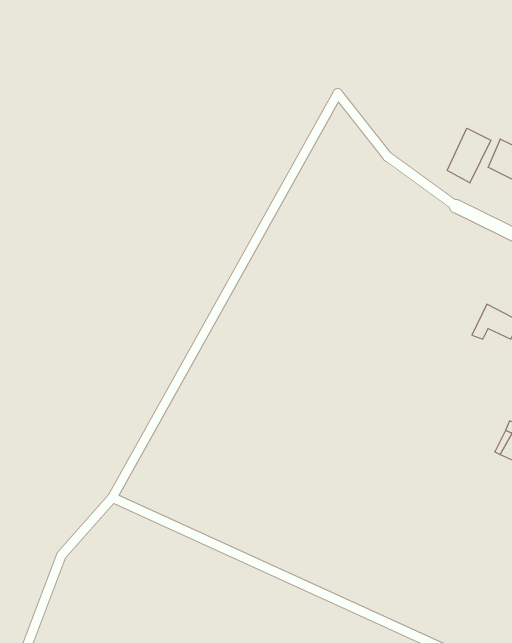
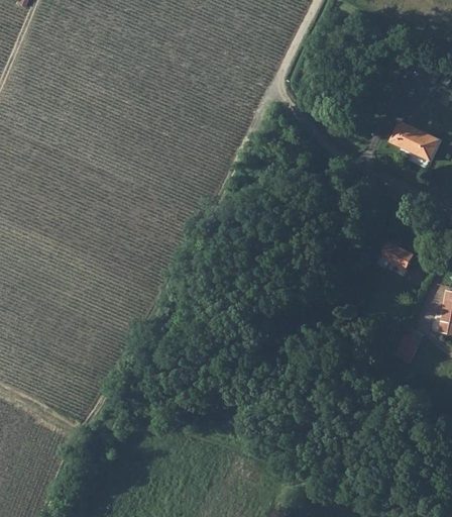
building: [447,128,491,183] -> none

